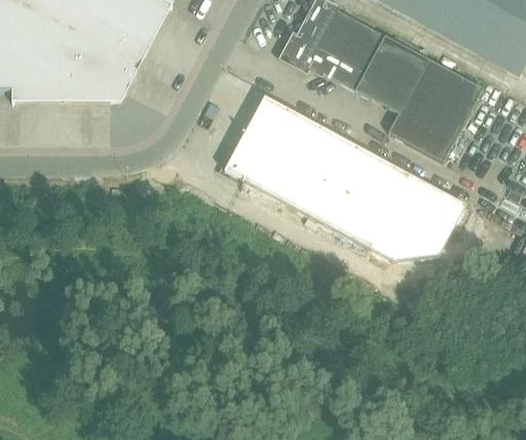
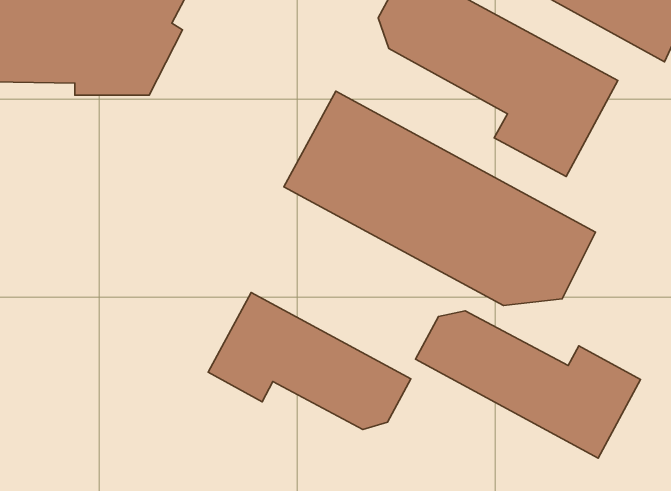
building: none -> [208,292,411,429]
building: none -> [415,311,641,458]

